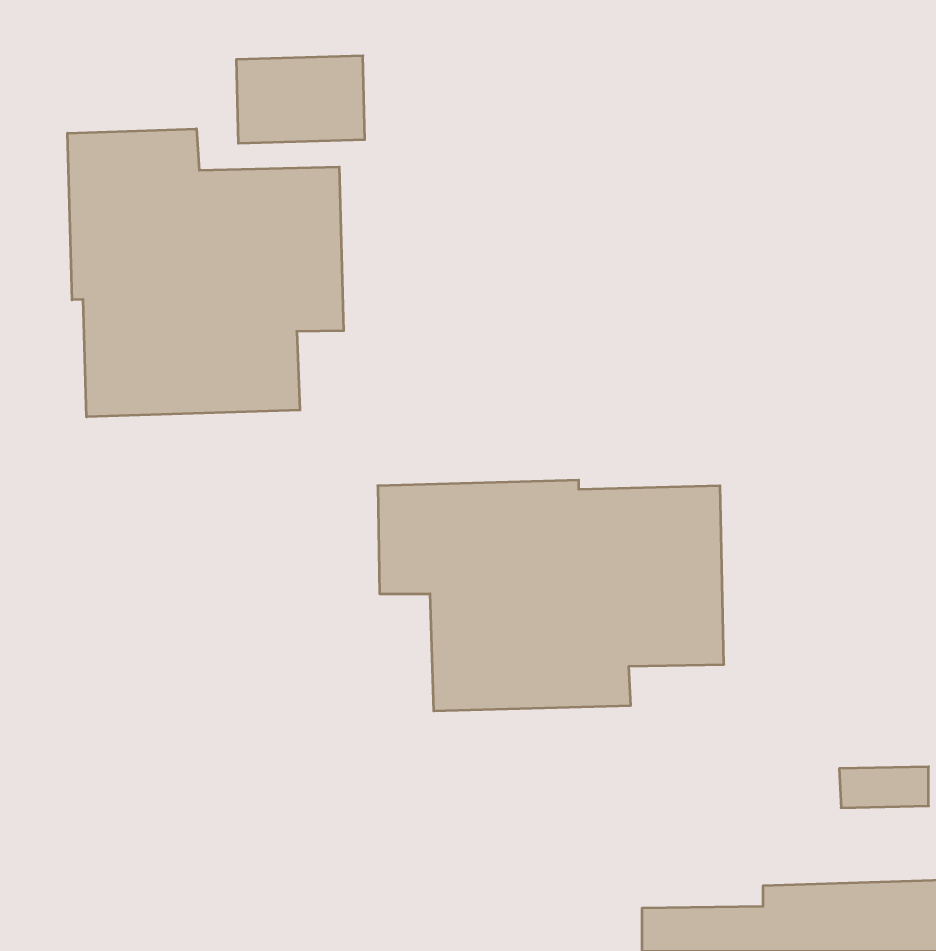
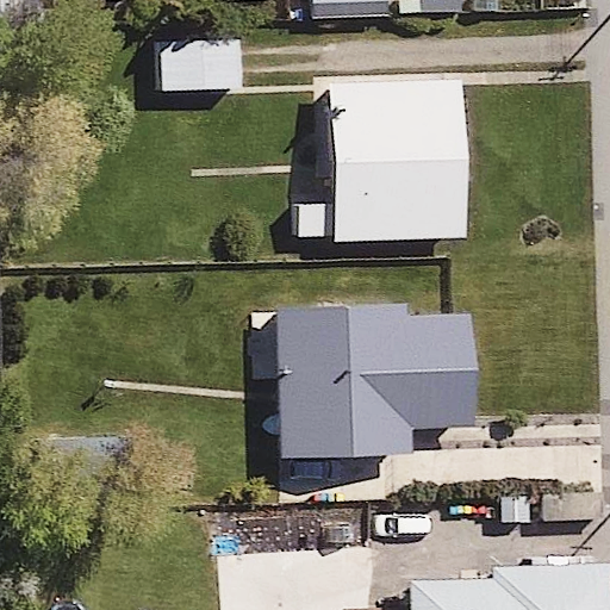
building: none -> [297,79,468,241]
building: [68,129,344,417] -> none

